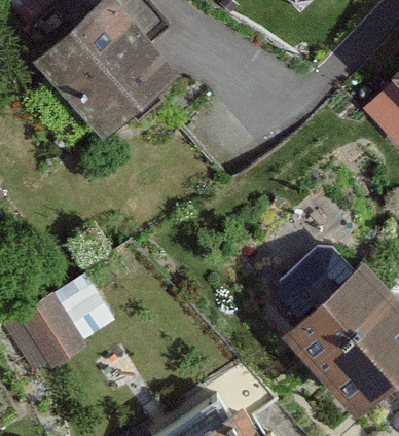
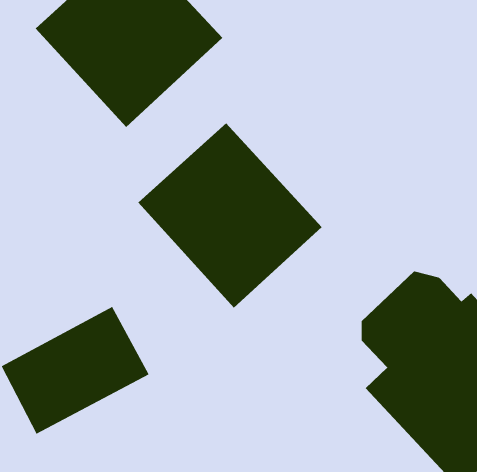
building: none -> [138,123,322,308]

